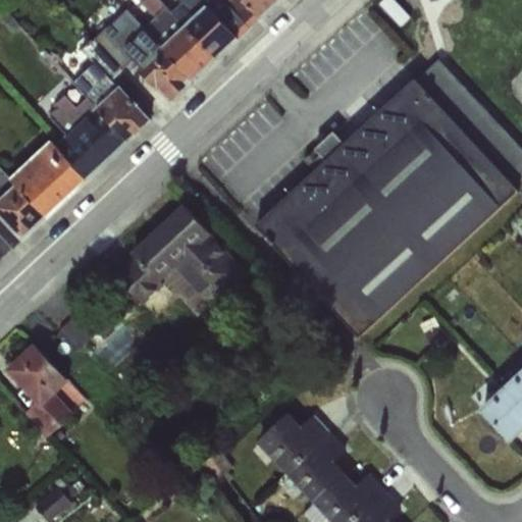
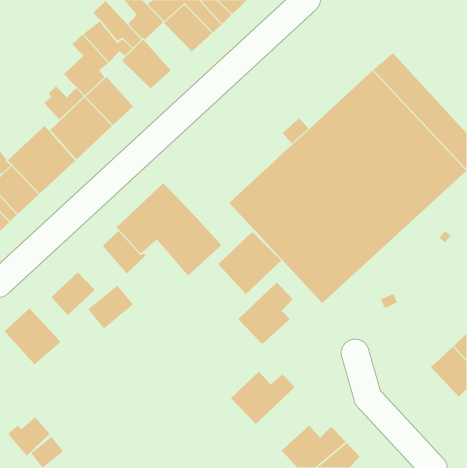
building: [161,25,213,79] -> none
building: none -> [217,231,282,295]
building: [23,393,71,437] -> [7,416,50,457]
building: [284,430,347,501] -> [237,282,293,345]

